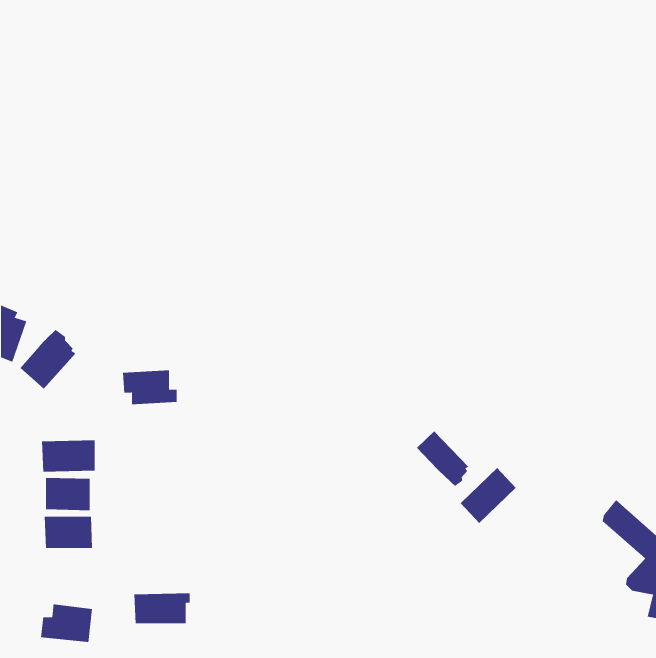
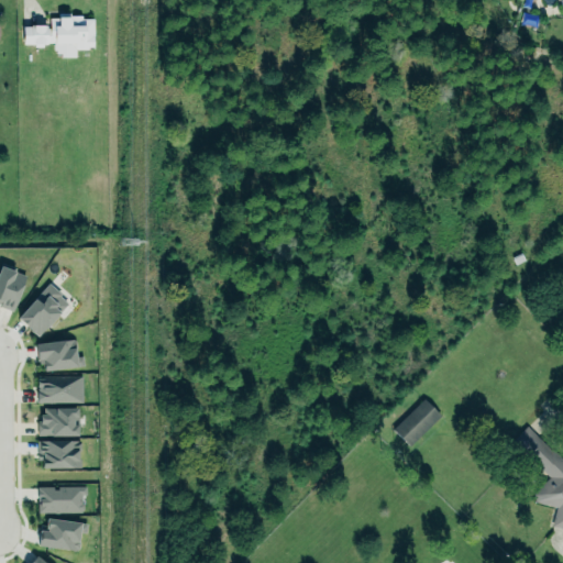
building: none -> [26,12,98,56]
building: [122,370,178,405] -> [37,341,85,371]
building: [416,430,469,487] -> none
building: [134,593,190,624] -> [40,487,88,514]

